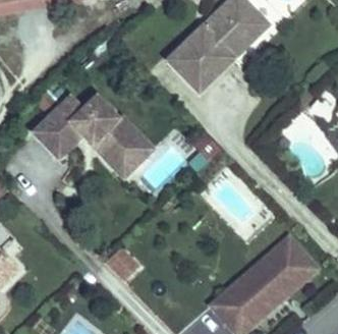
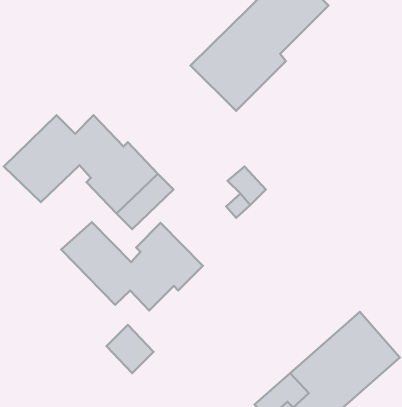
building: none -> [61,222,203,310]

